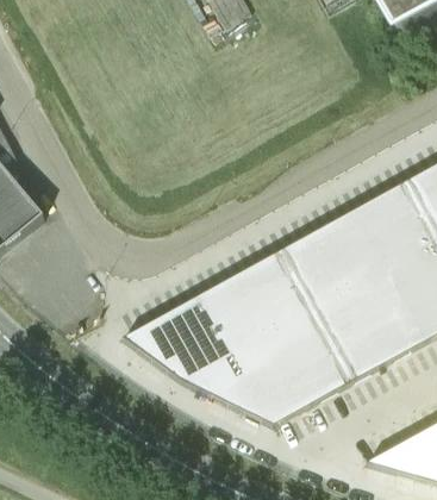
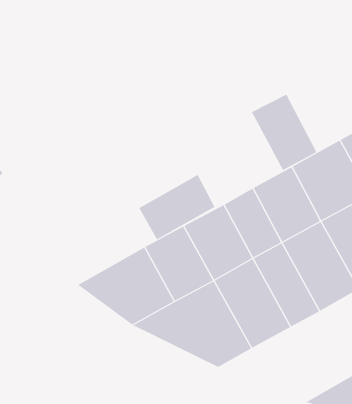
building: none -> [251,94,317,171]
building: none -> [139,174,215,240]

